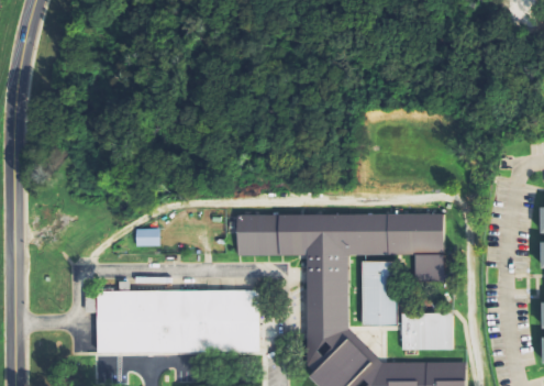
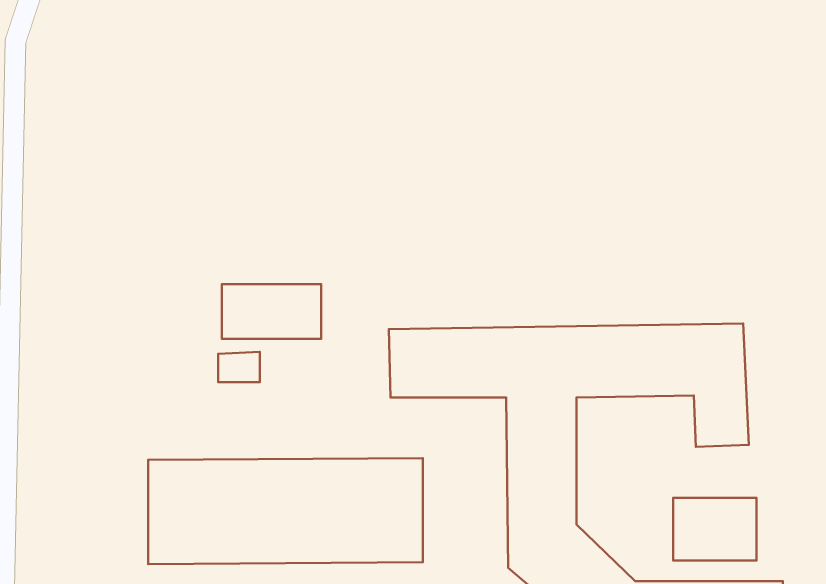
building: none -> [222,284,321,339]
building: [362,261,396,326] -> none

